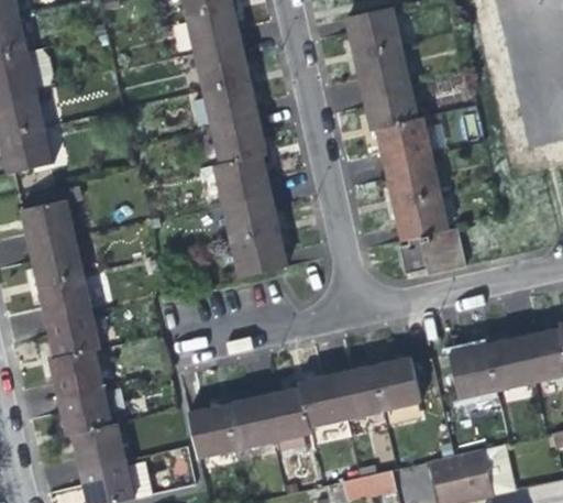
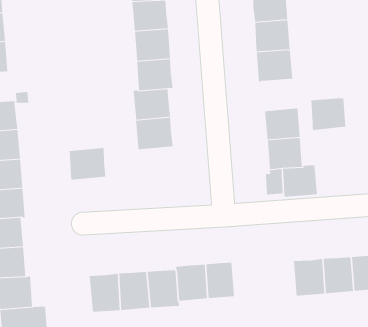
building: [377,119,428,166] -> [311,98,346,130]
building: [230,229,283,277] -> [69,148,106,180]
building: [373,358,422,411] -> none

